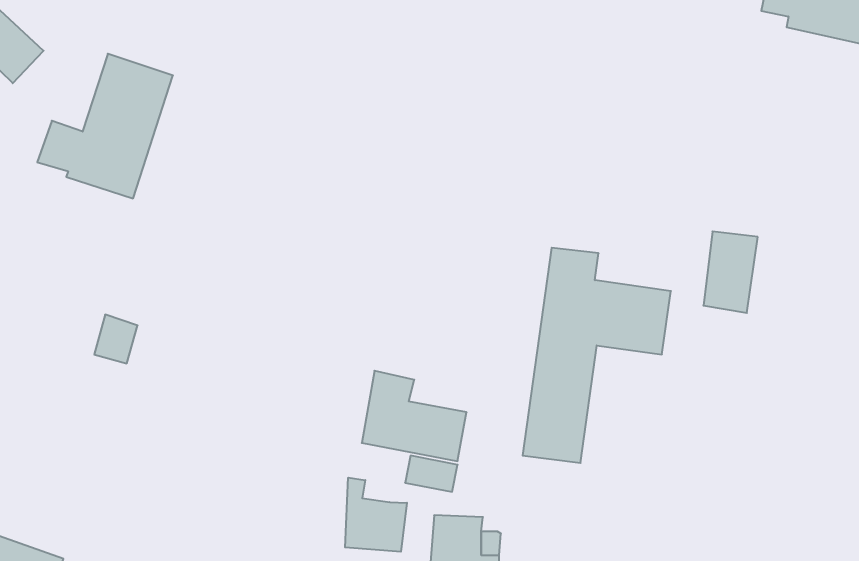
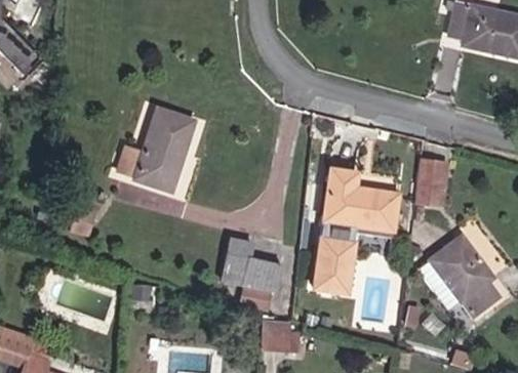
building: [37,54,173,198] -> [117,109,194,191]
building: none -> [417,236,499,316]
building: [345,478,407,552] -> none

